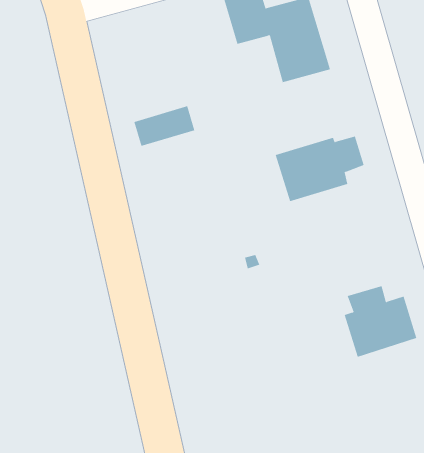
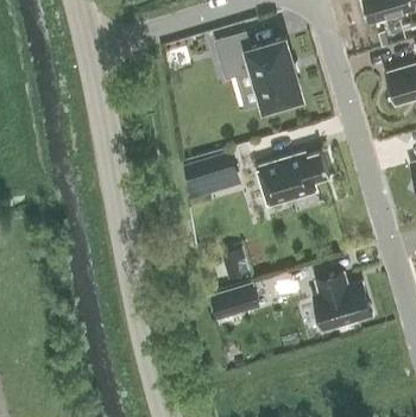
building: [134,106,195,147] -> [185,154,235,188]
building: none -> [209,284,260,322]

